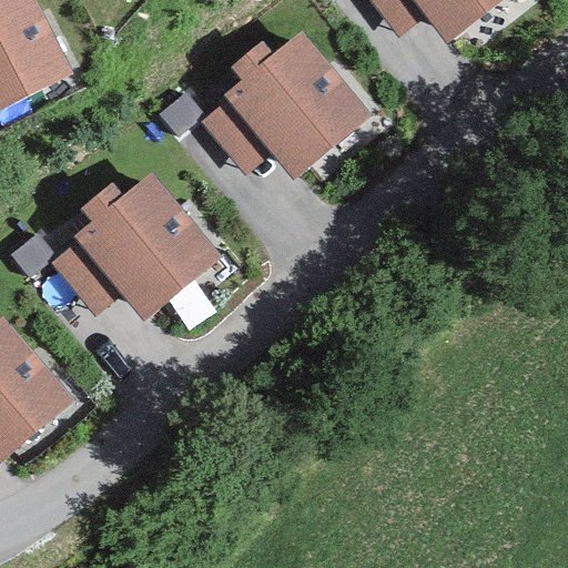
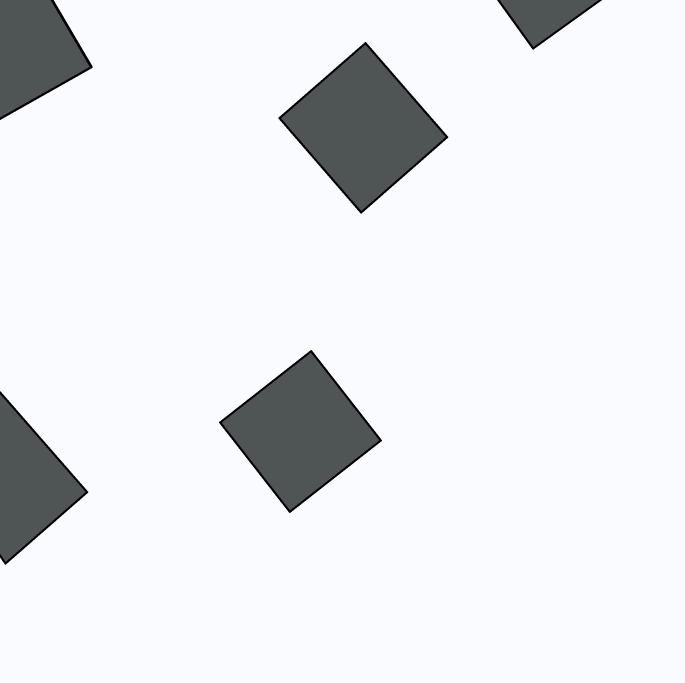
building: [70,170,216,321] -> none
building: none -> [220,351,381,512]

